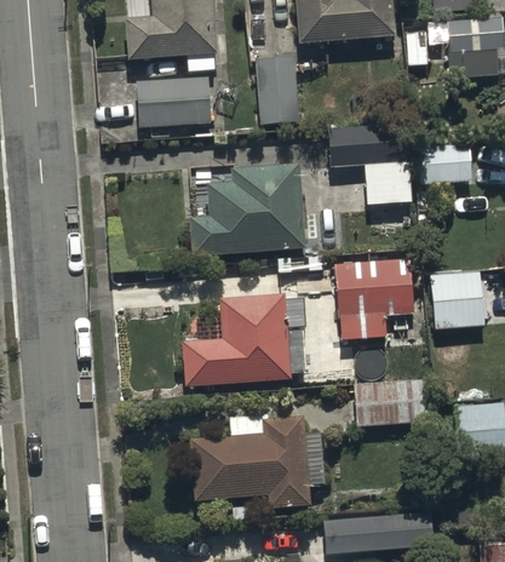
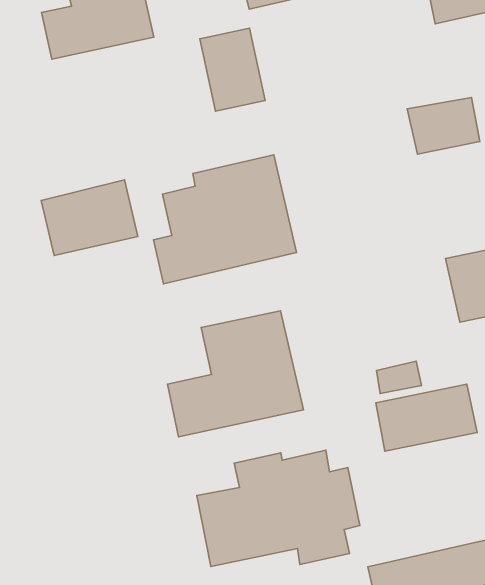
building: [138,75,213,128] -> [41,180,138,255]
building: [327,125,411,205] -> none
building: [334,258,415,340] -> none

